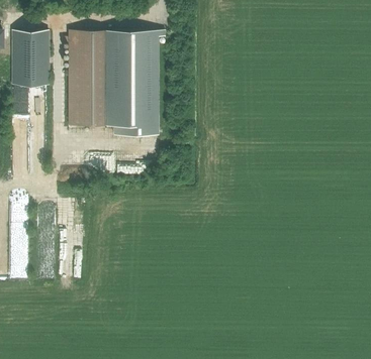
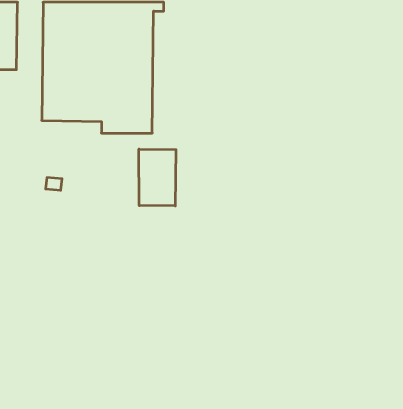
building: none -> [139,149,176,206]

